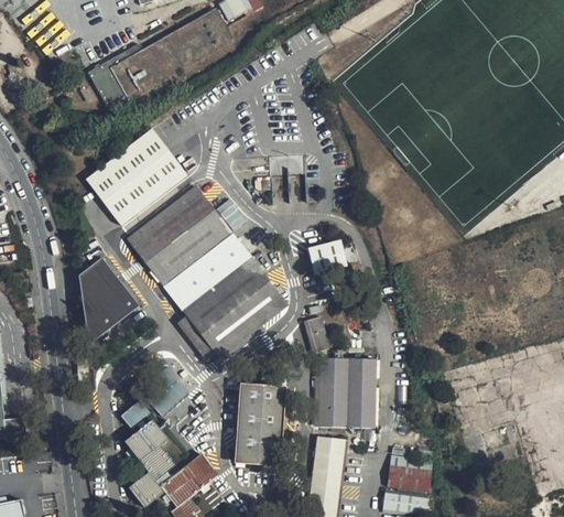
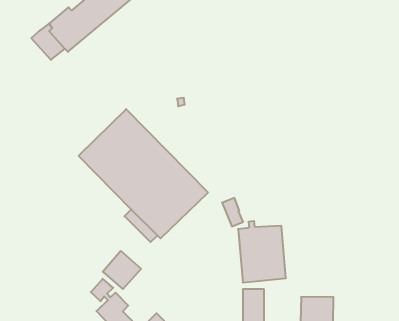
building: [85,128,187,226] -> none
building: [310,246,346,269] -> none
building: [78,257,140,346] -> none
building: [235,383,284,464] -> none

